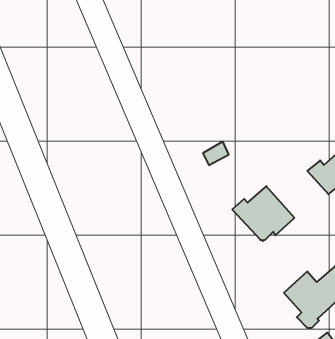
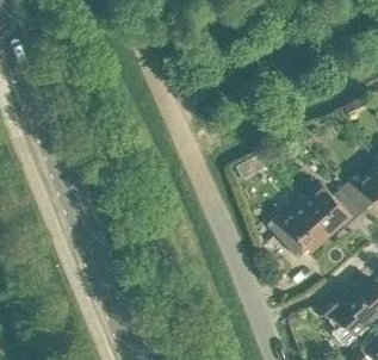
building: none -> [303,181,366,231]

